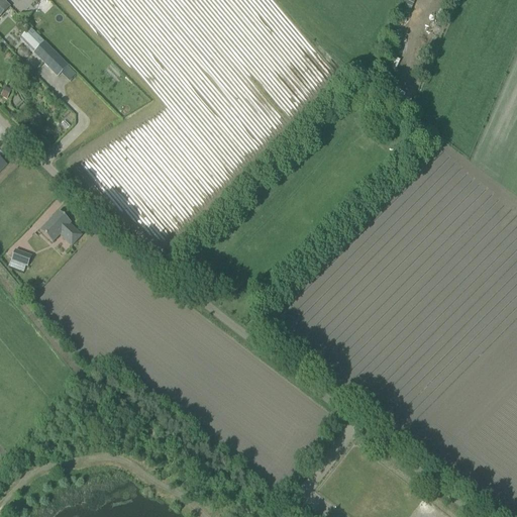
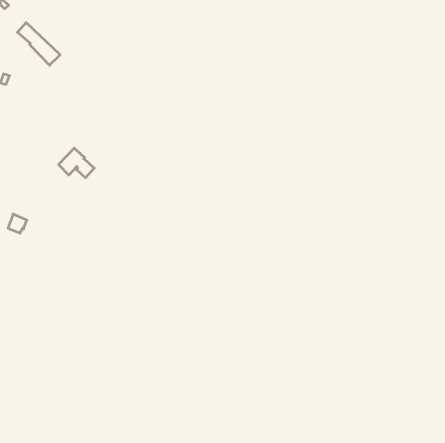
building: [40,211,82,245] -> [59,148,94,178]

